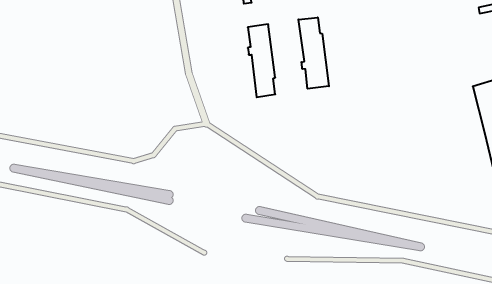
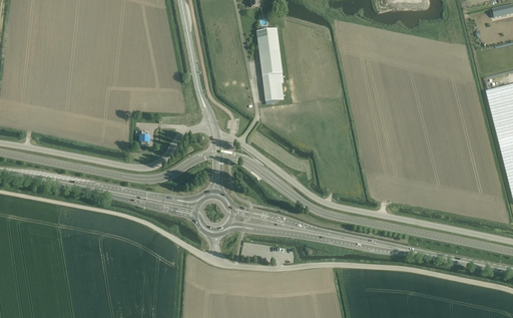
building: [298,17,329,89] -> none

